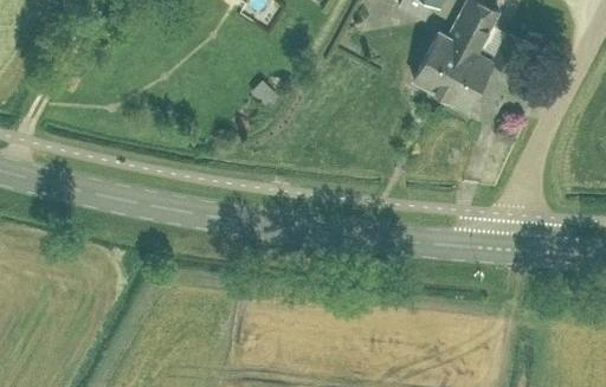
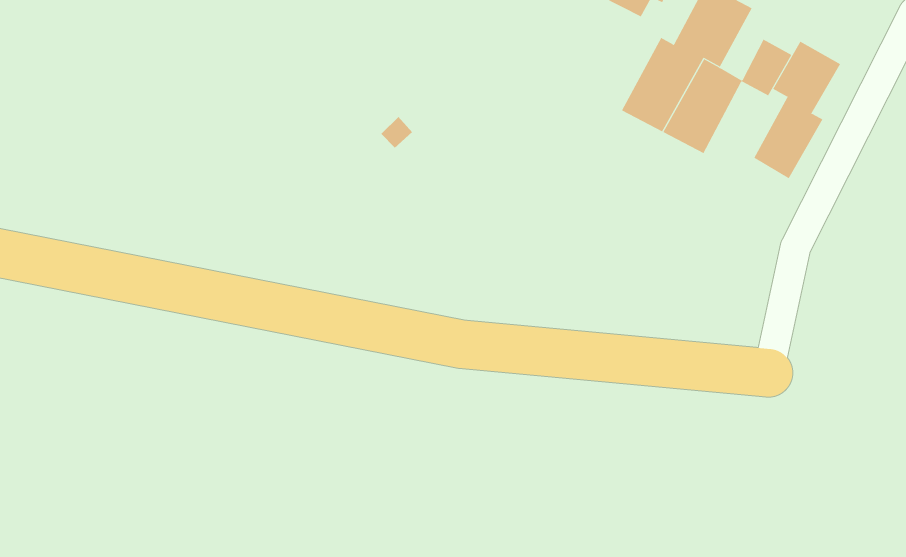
building: none -> [753,41,841,179]

